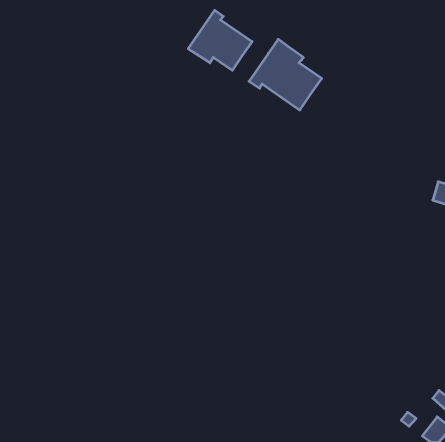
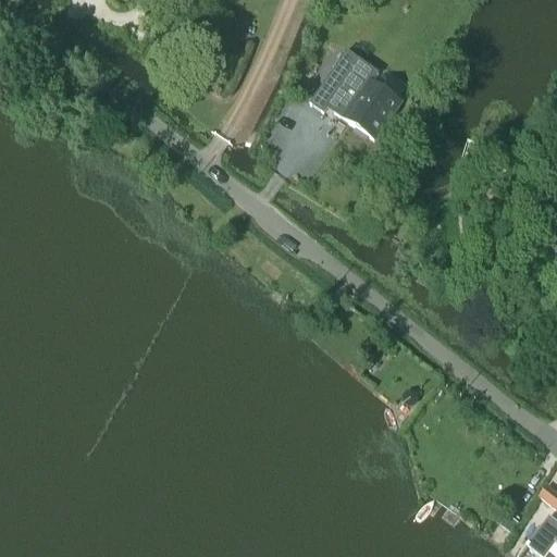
building: [188,10,252,70] -> none

